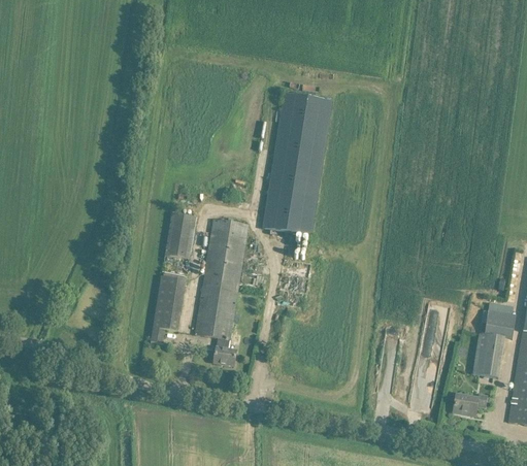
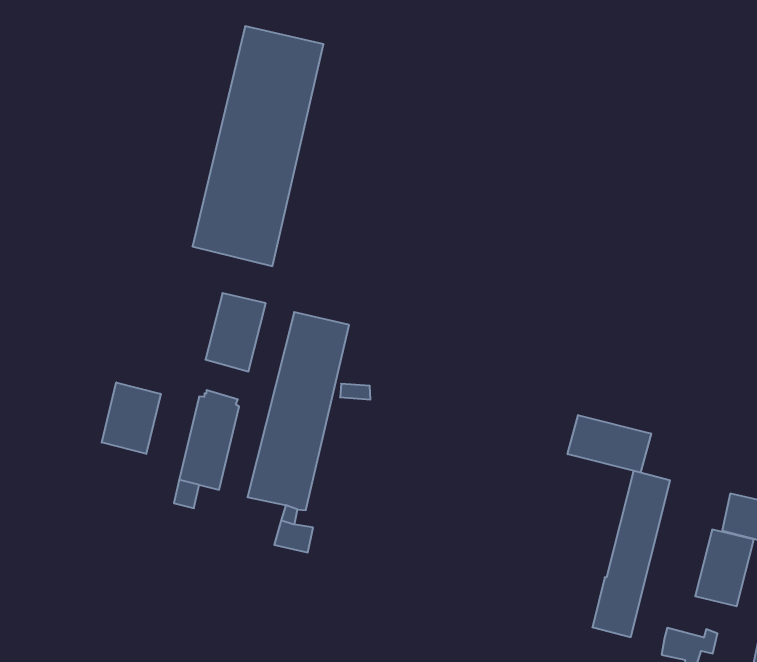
building: [262,92,332,236] -> [192,26,324,266]
building: none -> [568,415,651,473]
building: none -> [102,382,161,454]

